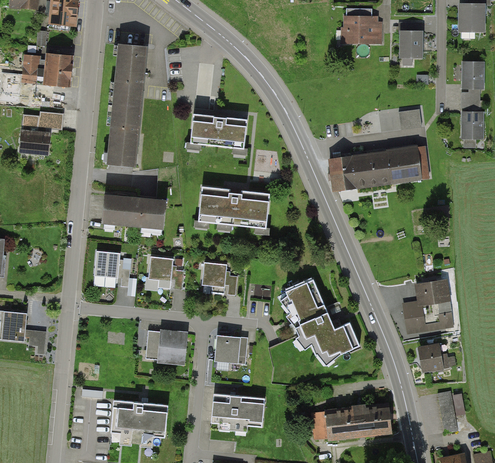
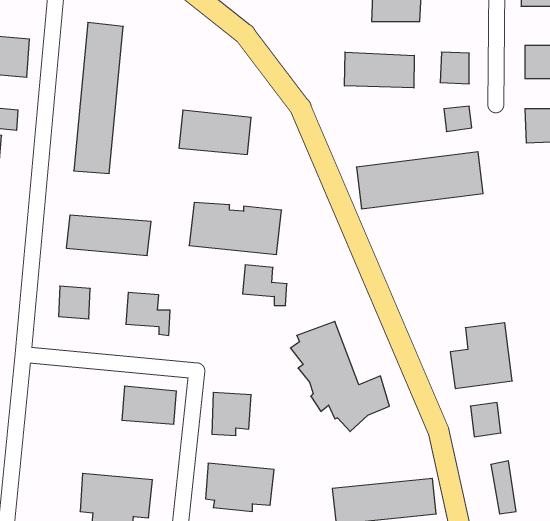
building: [401,31,424,56] -> [440,52,469,84]
building: none -> [345,52,414,88]
building: [203,263,238,295] -> [243,265,287,305]

